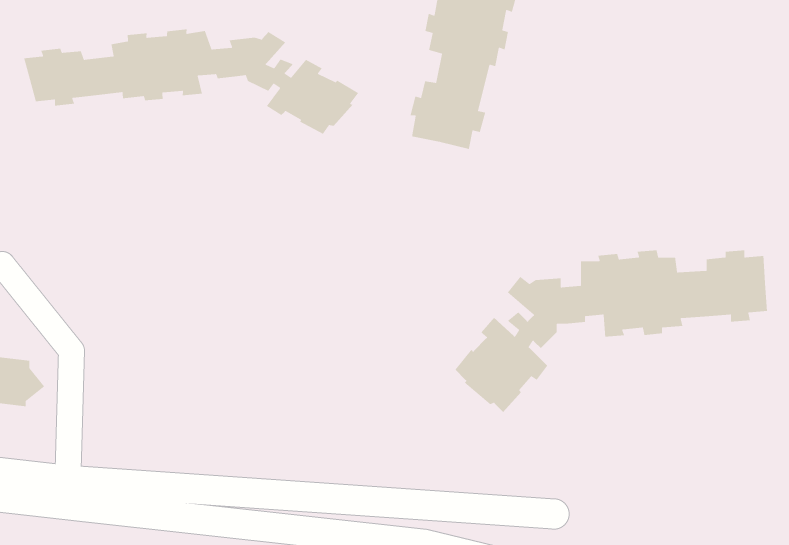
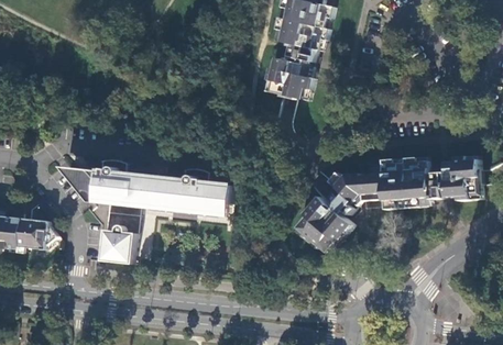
building: [23,29,359,135] -> none
building: none -> [67,163,234,266]

